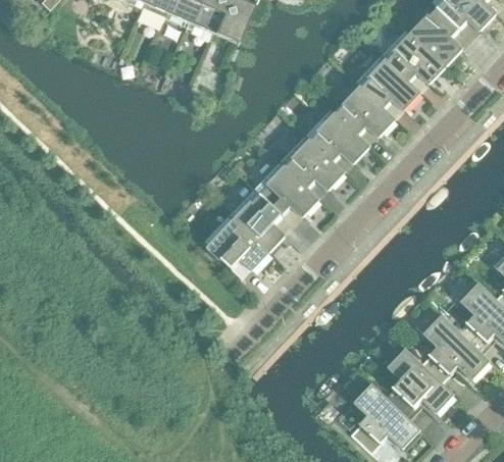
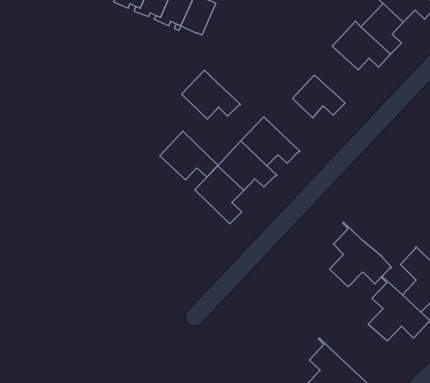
building: [355,56,421,109] -> none
building: [306,108,371,162] -> [182,70,241,119]
building: [204,215,268,269] -> [160,131,218,180]
building: [386,345,454,416] -> [330,222,391,287]

